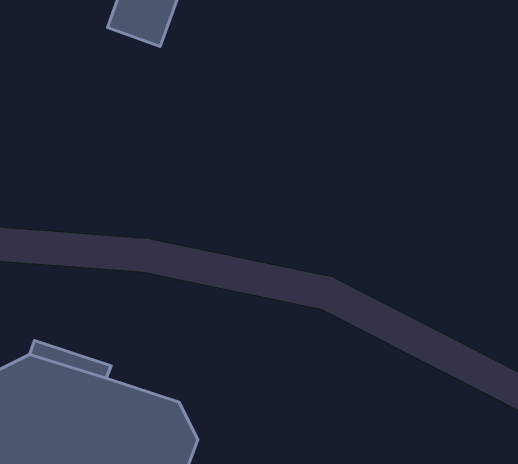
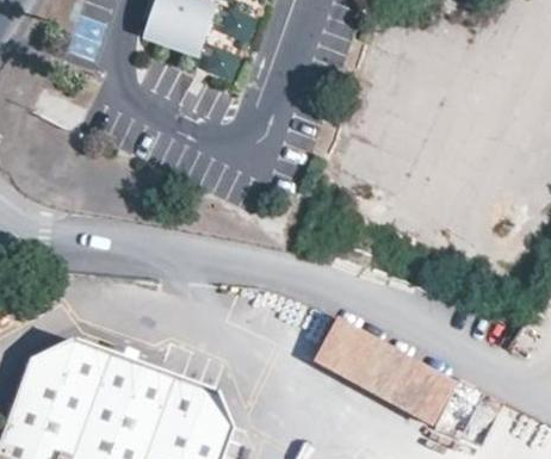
building: none -> [310,316,448,415]

